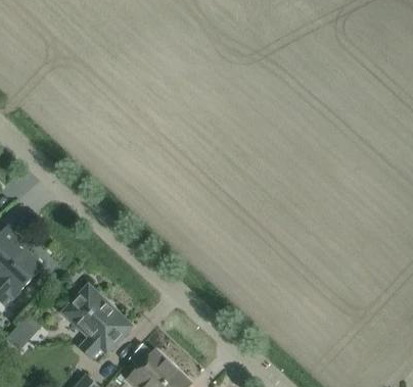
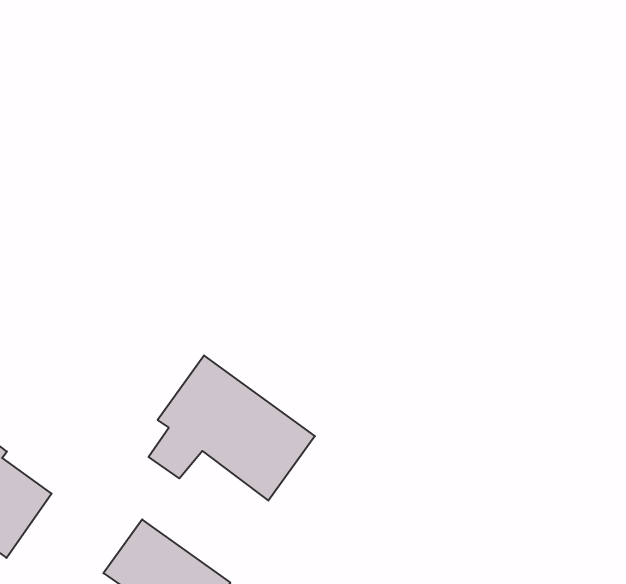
building: none -> [149,355,315,501]

